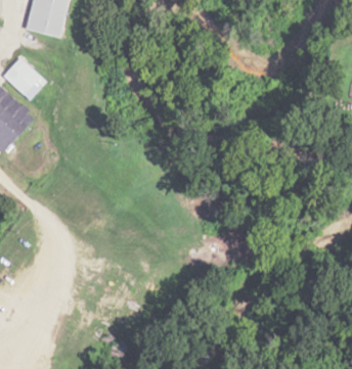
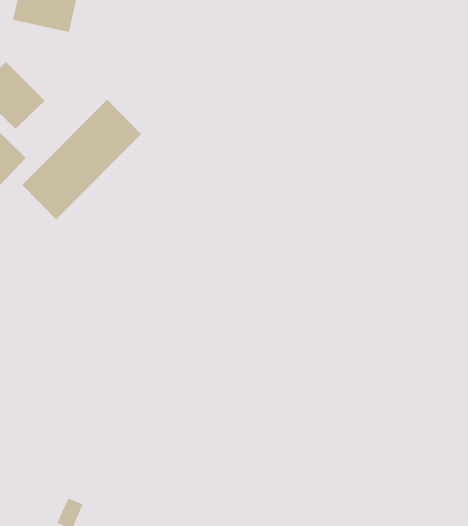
building: none -> [21,99,142,220]

